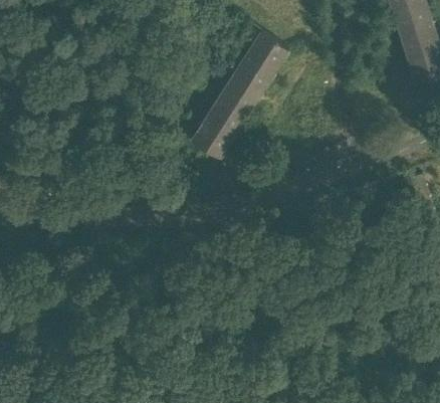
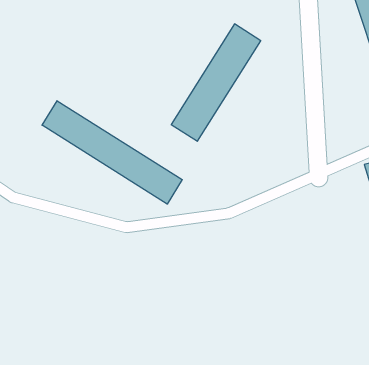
building: none -> [42,101,182,204]

